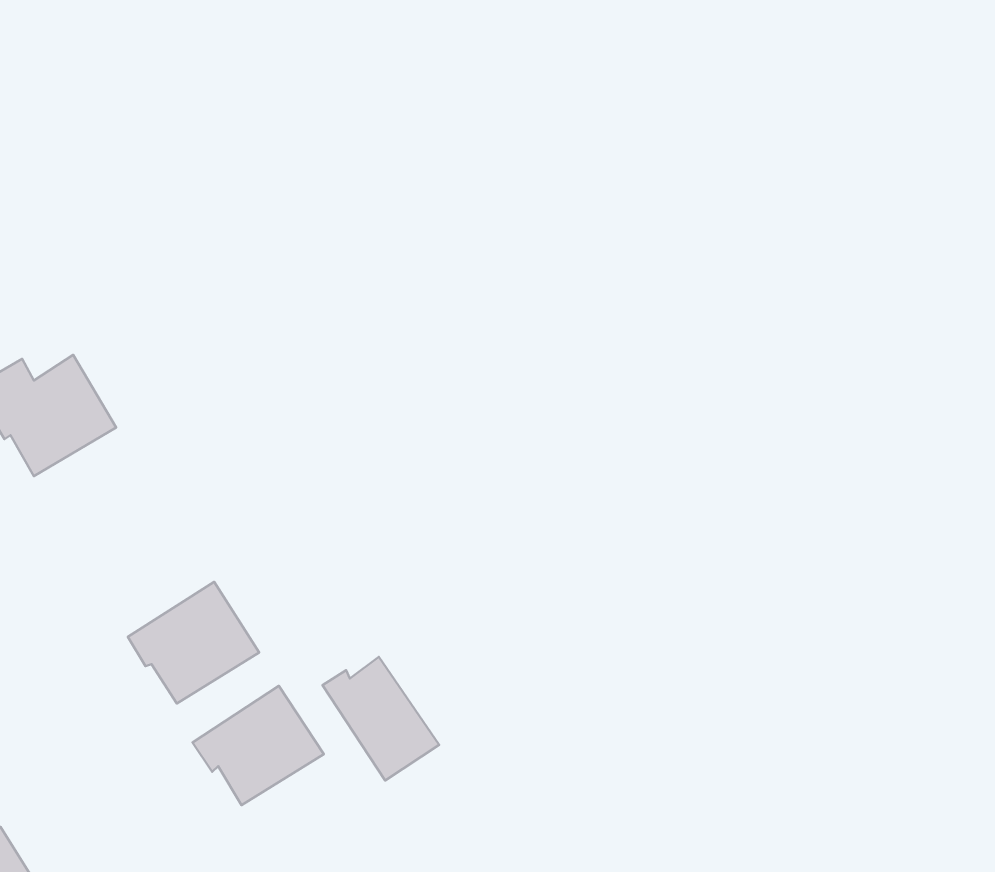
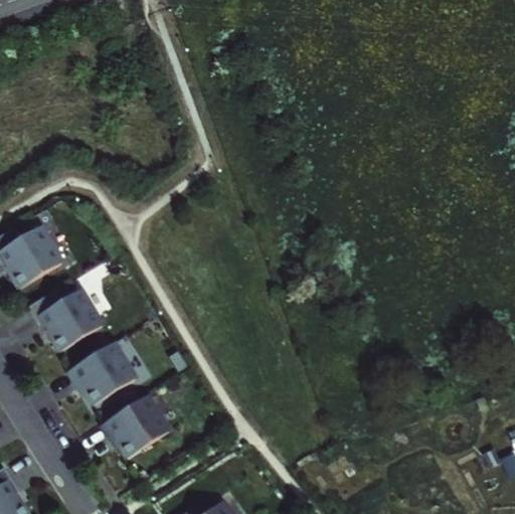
building: none -> [29,289,103,350]
building: [323,657,439,781] -> none

